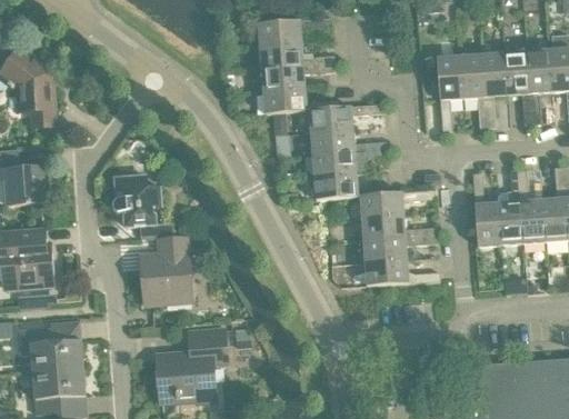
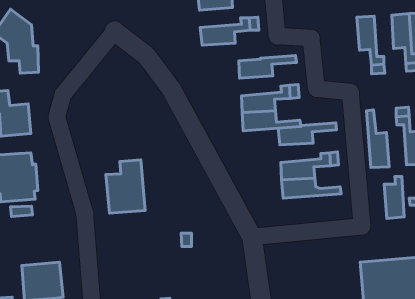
building: [259,43,312,69] -> none
building: [481,53,506,106] -> none
building: [436,56,462,131] -> none
building: [262,89,337,114] -> none
building: [310,130,363,156] -> none
building: [112,177,173,239] -> none
building: [497,192,522,246] -> [384,176,404,218]
building: [361,216,413,240] -> none
building: [19,320,81,371] -> none
building: [157,329,226,402] -> none

